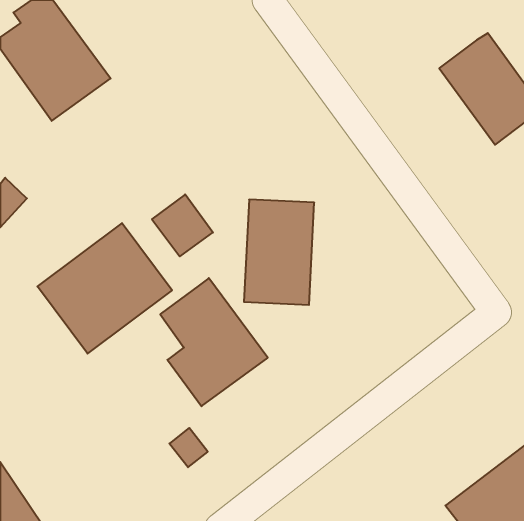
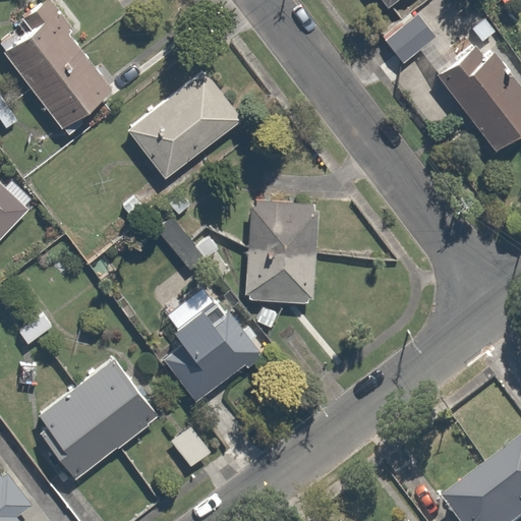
building: none -> [382,12,438,67]
building: none -> [128,71,241,178]
building: [37,223,172,354] -> none
building: none -> [32,355,157,478]

